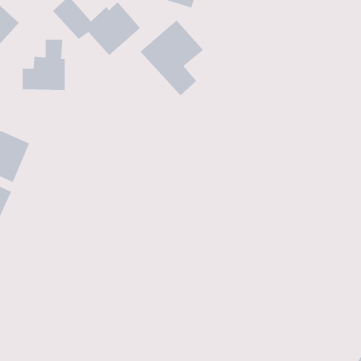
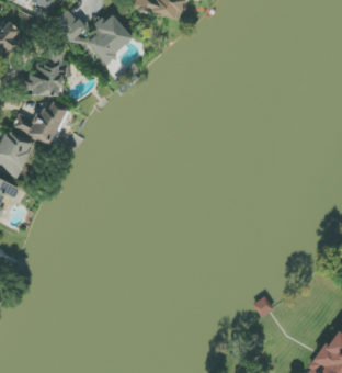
building: [139,20,204,96] -> none
building: none -> [11,103,66,145]

